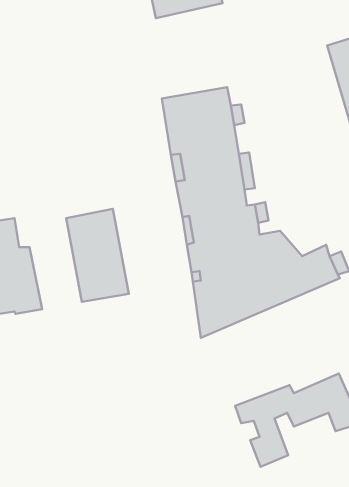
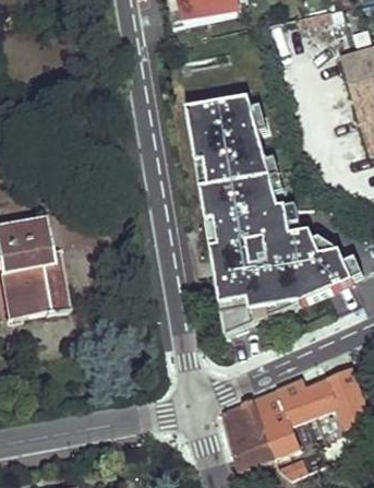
building: [66,209,129,302] -> none
building: none -> [225,397,278,468]

